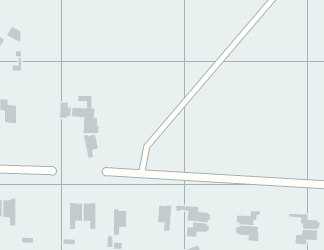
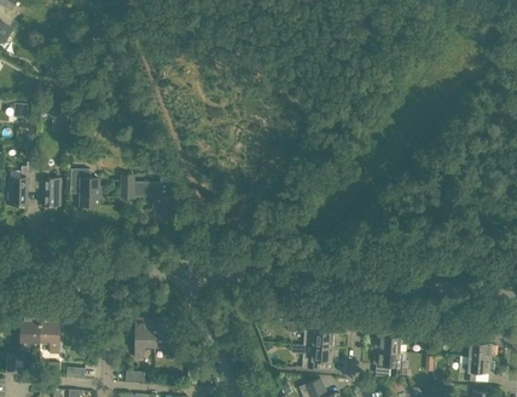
building: none -> [70,169,100,209]
building: [83,134,99,159] -> none
building: [157,205,172,232] -> none
building: [113,209,127,236] -> none

